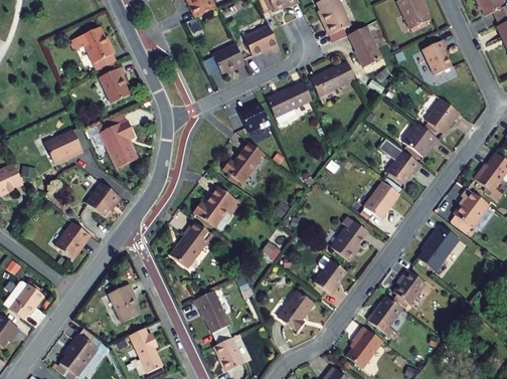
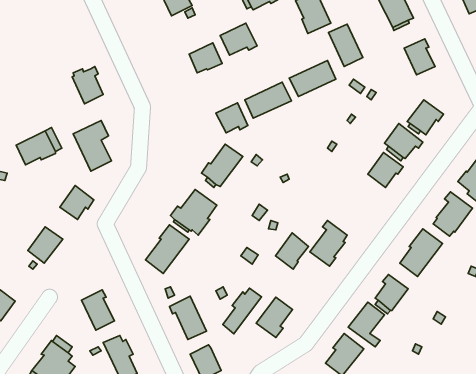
building: [70,27,116,70] -> none
building: [363,182,399,220] -> none
building: [314,259,346,295] -> [276,233,309,269]
building: none -> [223,288,261,334]

